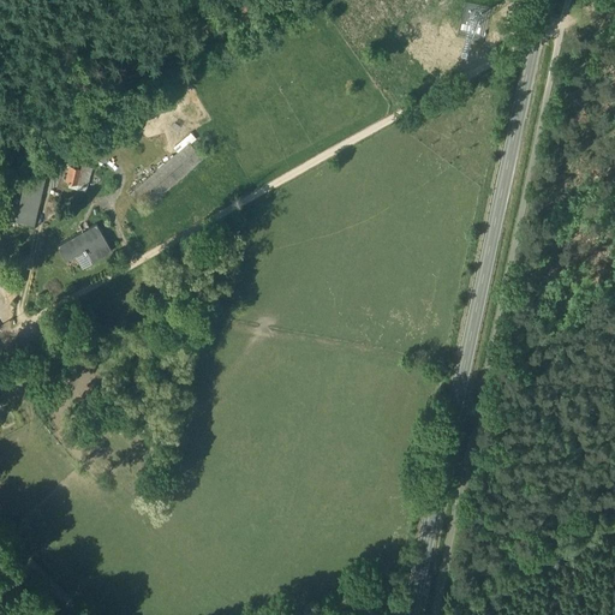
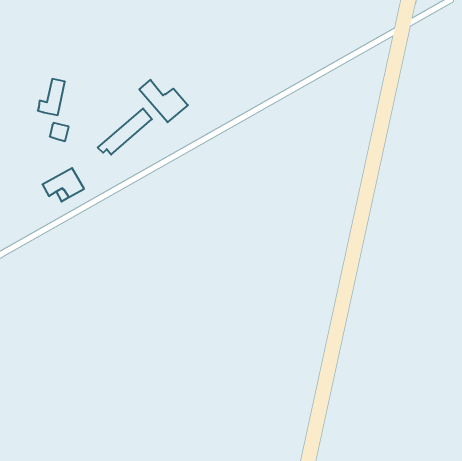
building: none -> [139,80,188,122]
building: [7,178,43,226] -> [38,79,65,115]

